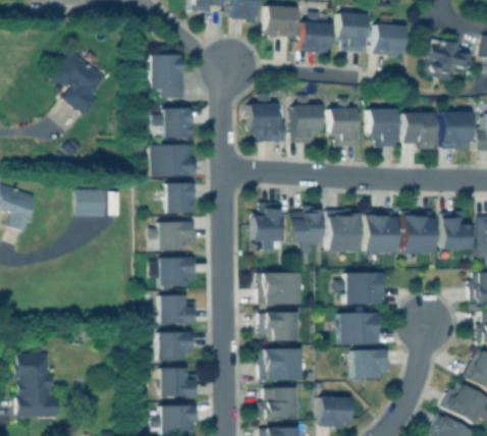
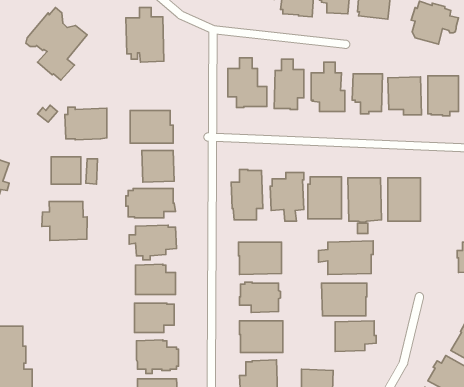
building: [154,108,195,140] -> [65,107,107,140]
building: [439,212,472,250] -> none
building: none -> [42,202,87,240]

